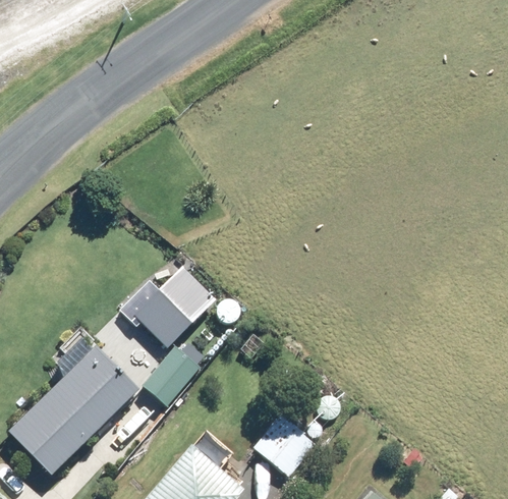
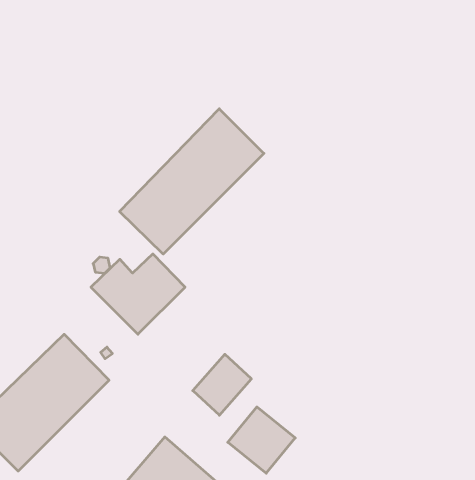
building: none -> [120,109,264,254]
building: [137,349,193,407] -> [193,354,251,415]

